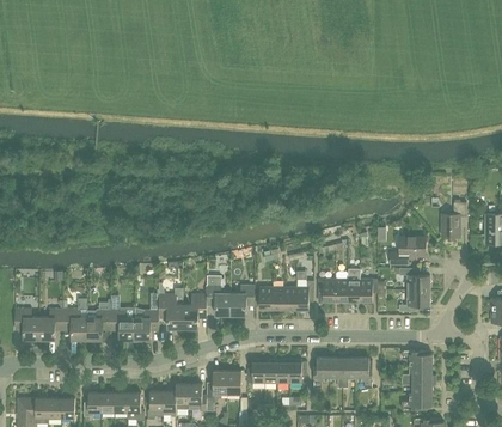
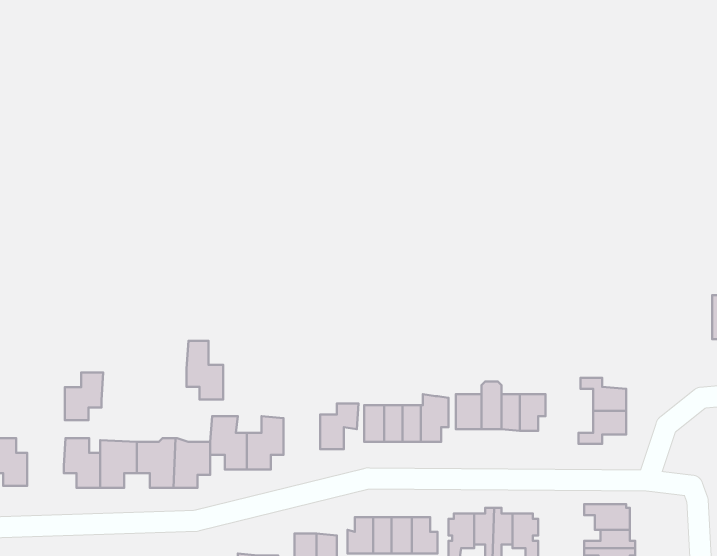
building: [441,202,466,238] -> none
building: [390,238,424,264] -> none
building: [206,277,229,316] -> [187,341,223,400]
building: [38,309,63,340] -> [65,373,103,420]

